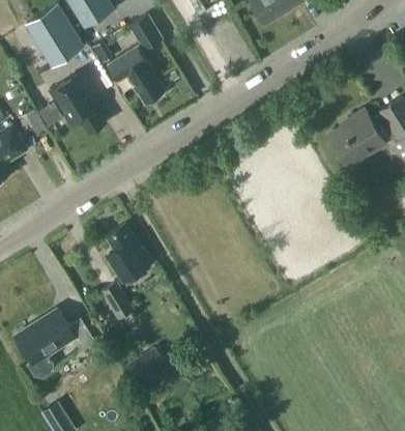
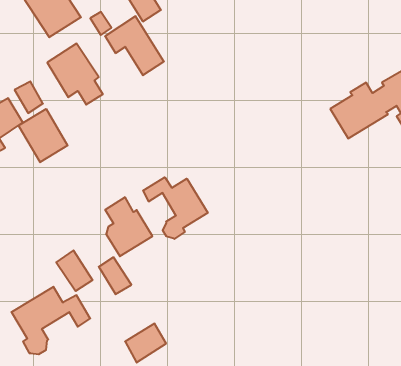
building: none -> [18,109,68,162]
building: none -> [143,177,208,239]
building: none -> [56,250,92,291]

